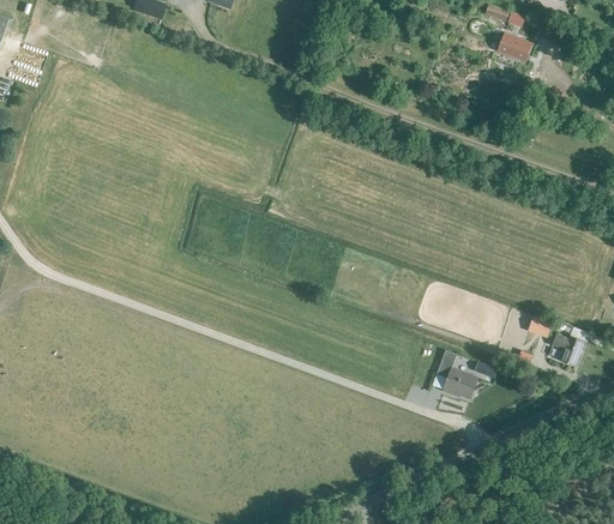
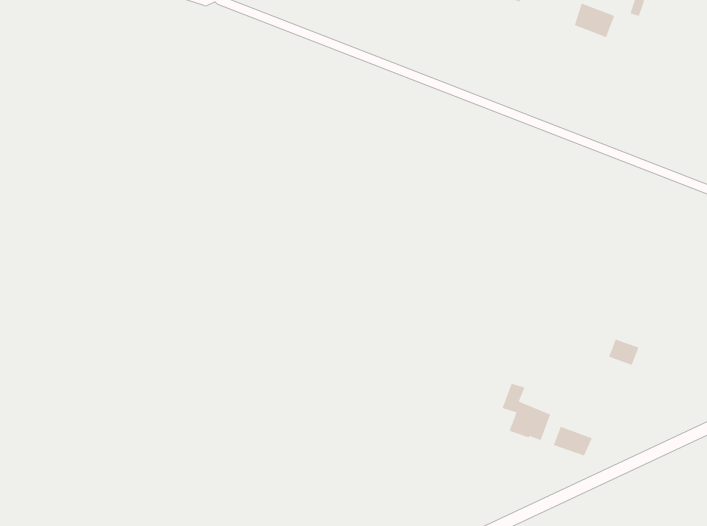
building: [552,332,585,365] -> none
building: none -> [553,426,593,457]

